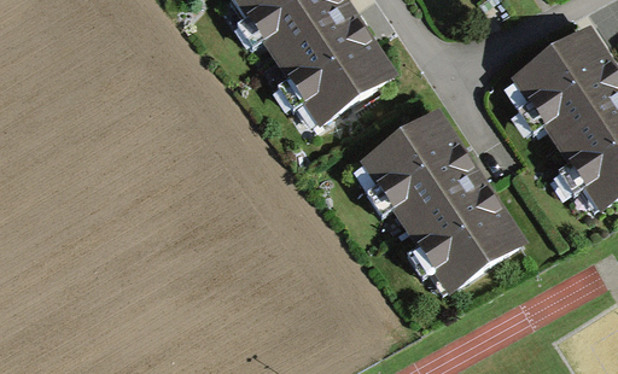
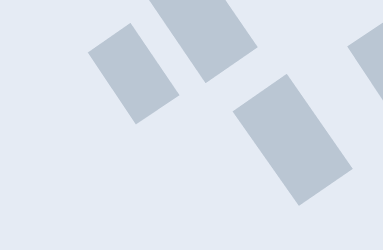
building: none -> [87,22,181,125]

